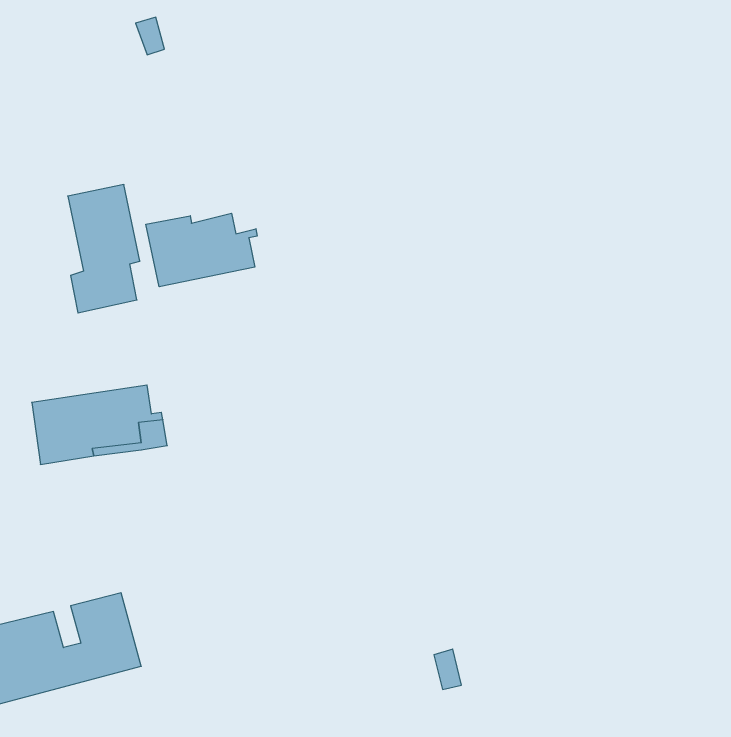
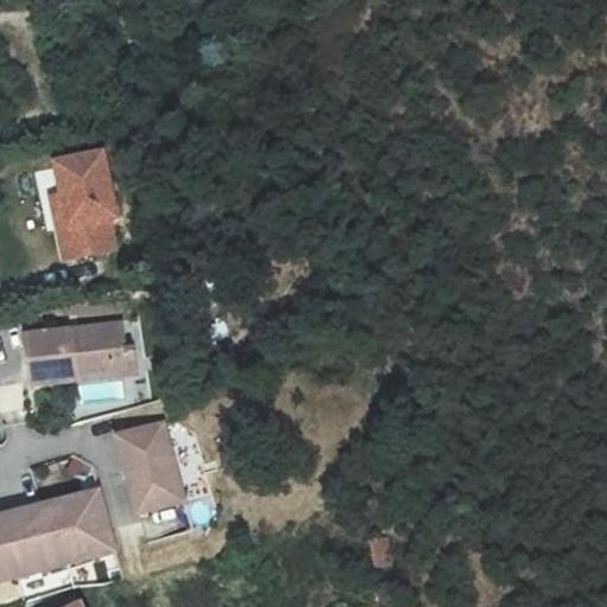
building: [146,213,257,287] -> none
building: none -> [111,423,186,520]

